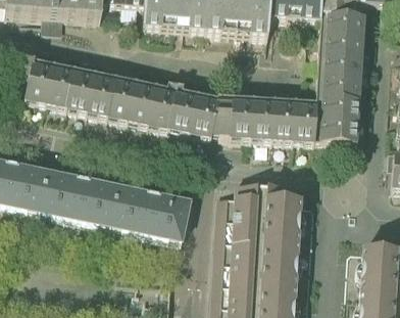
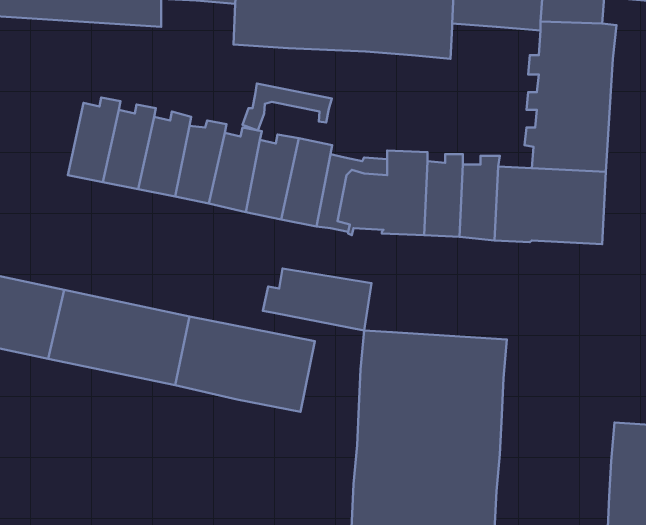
building: none -> [242,83,332,130]
building: [19,54,58,103] -> none
building: none -> [263,268,371,331]

